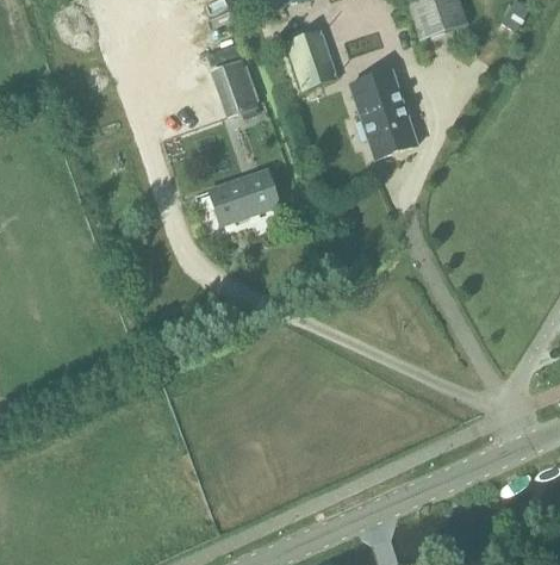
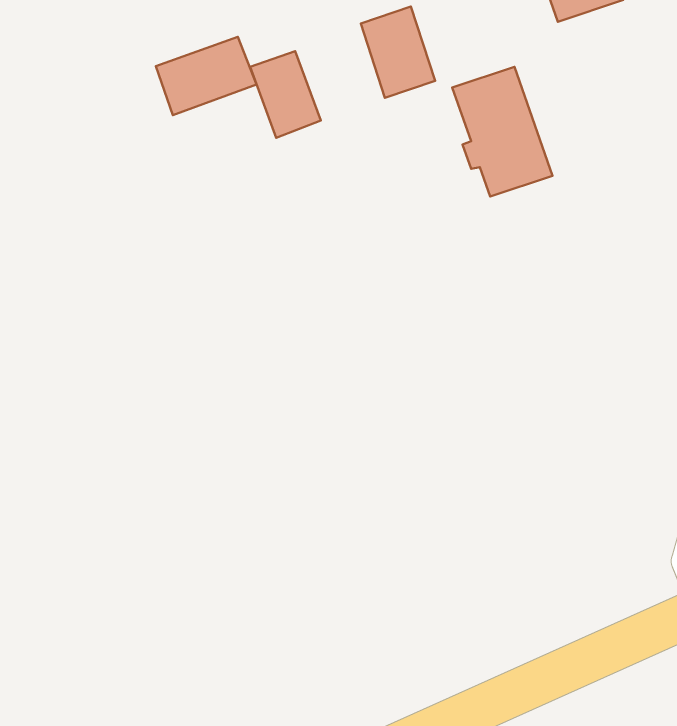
building: none -> [156,37,256,115]
building: [207,168,280,226] -> none

